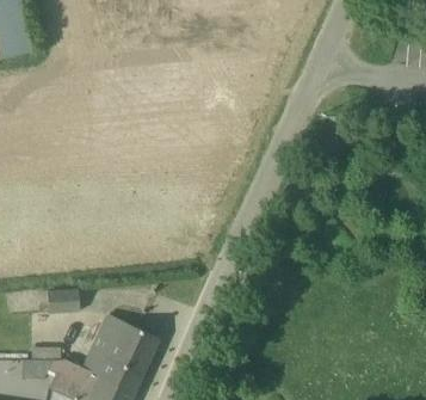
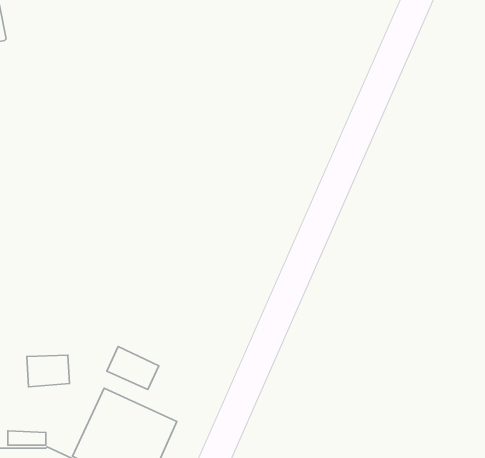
building: none -> [107,346,159,390]

